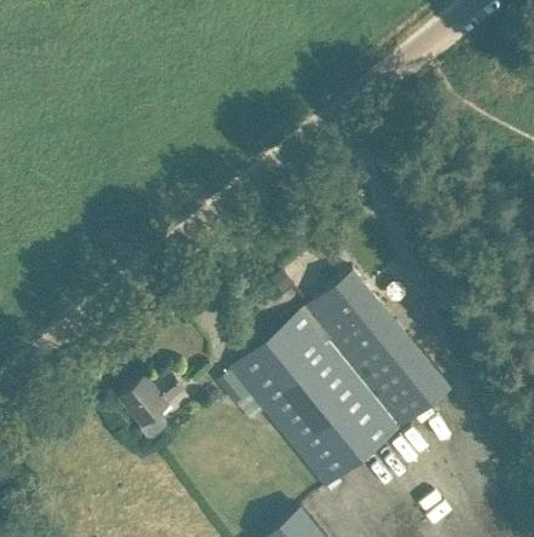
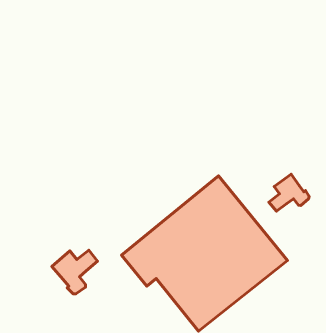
building: none -> [269,174,309,211]

